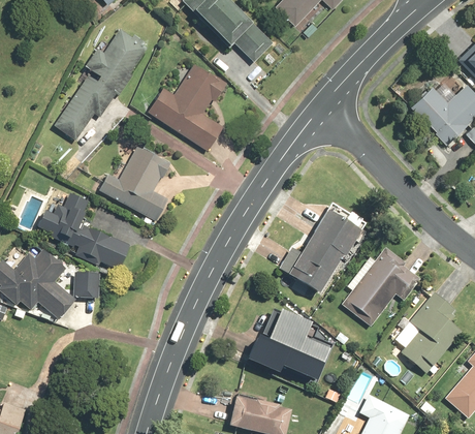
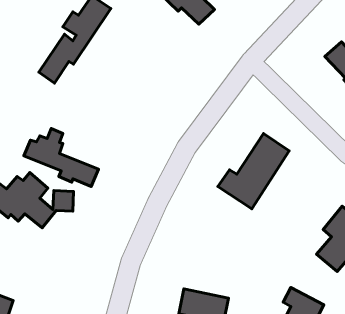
building: [147,62,228,153] -> none
building: [96,149,166,219] -> none
building: [341,246,421,326] -> none
building: [249,314,330,379] -> none

